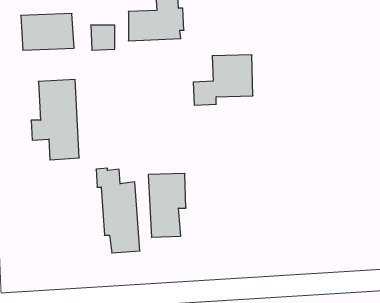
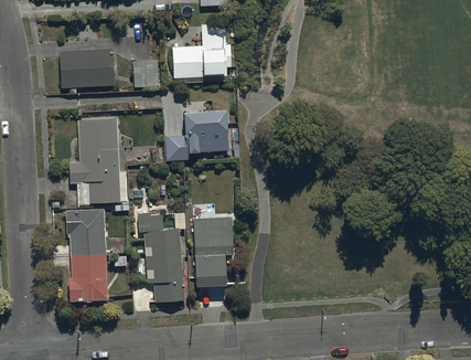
building: [193,55,253,105] -> [164,108,227,161]
building: none -> [65,209,107,300]

